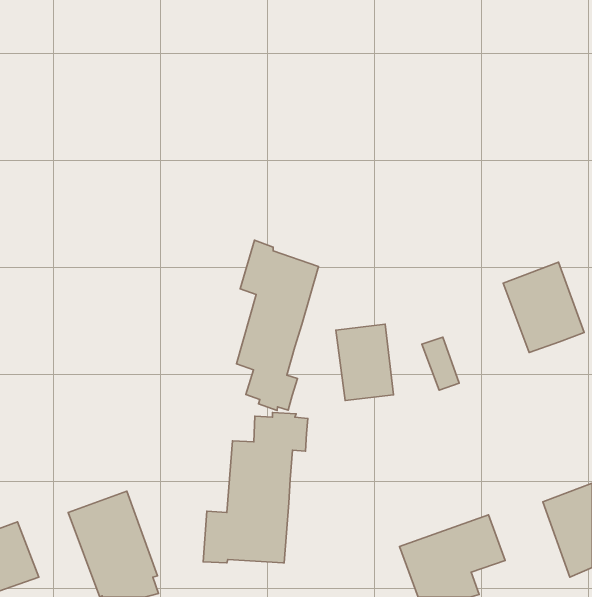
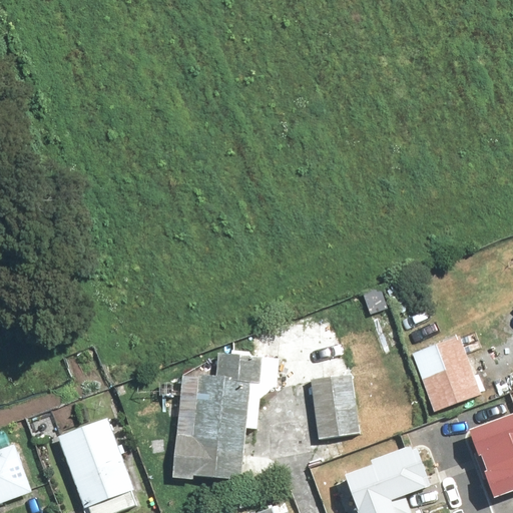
building: [237,240,319,411] -> none
building: [503,262,584,353] -> [411,335,480,412]
building: [336,324,393,401] -> [310,375,359,440]

